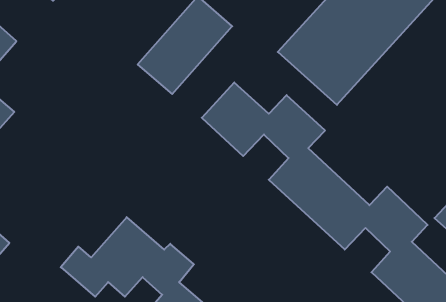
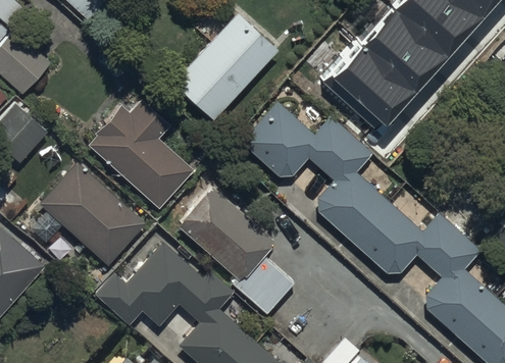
building: none -> [95,102,196,205]
building: none -> [42,163,145,262]
building: none -> [178,186,296,312]

